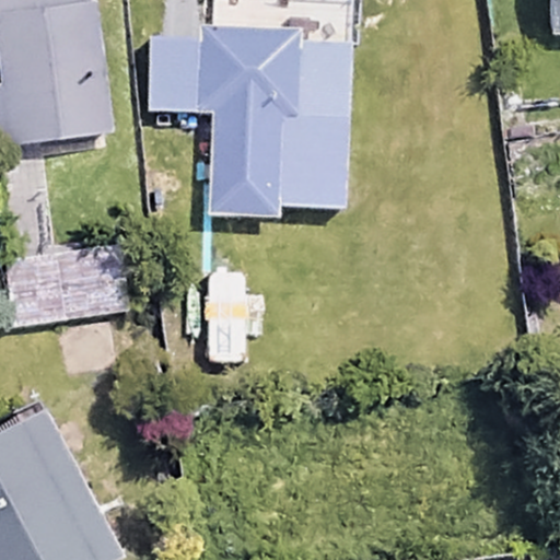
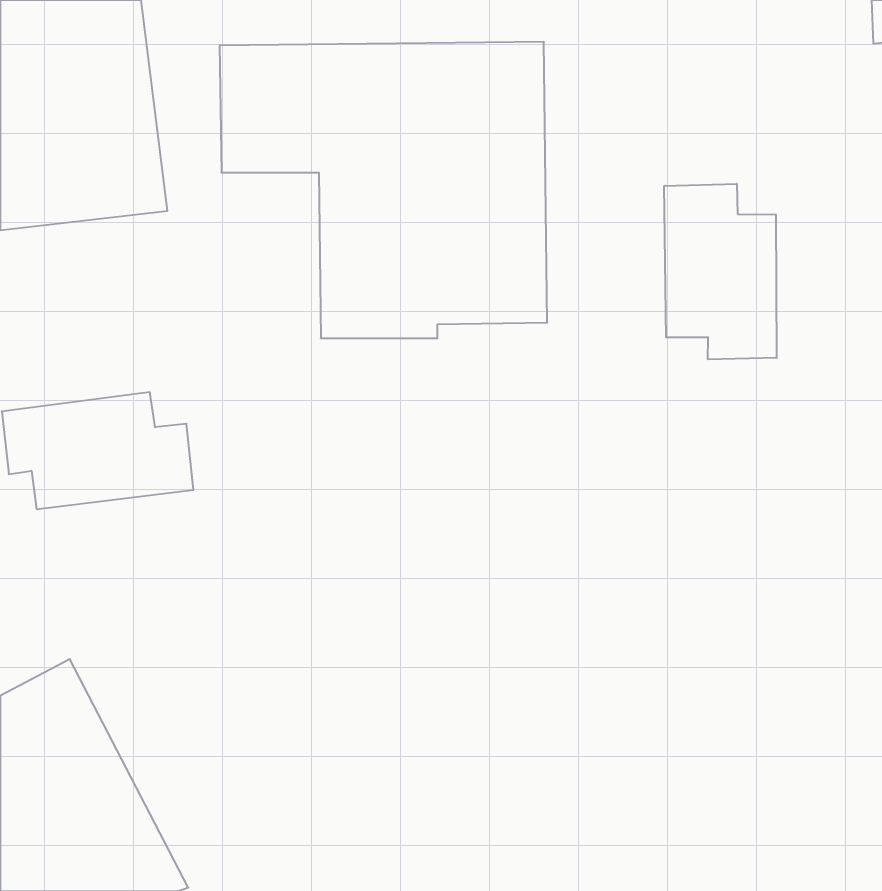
building: none -> [664,184,777,359]

